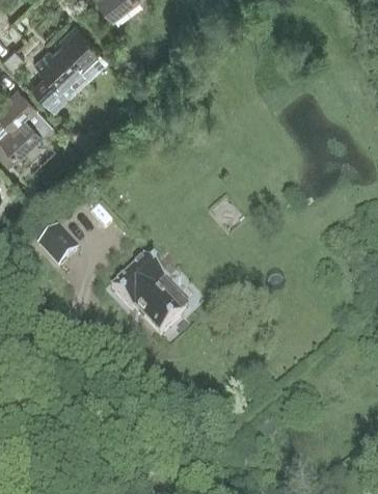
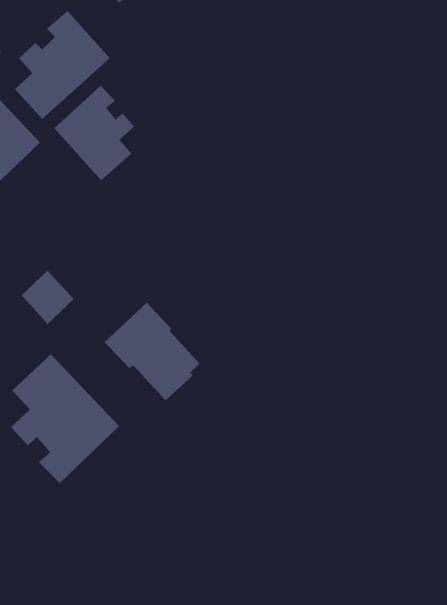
building: none -> [53,85,135,181]
building: none -> [10,354,120,484]

